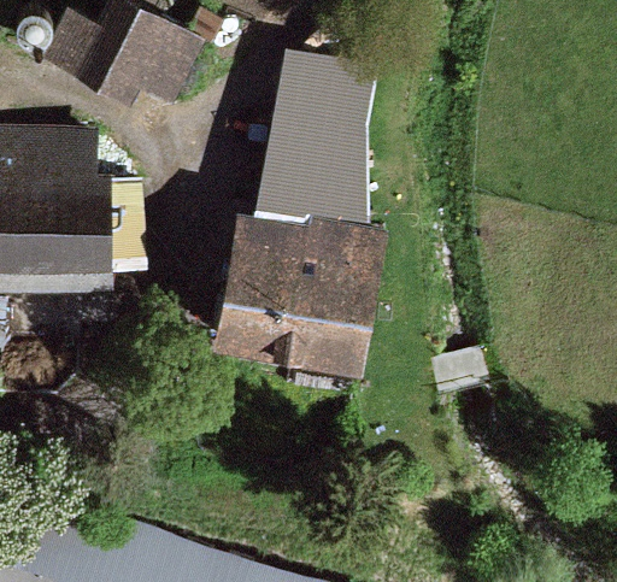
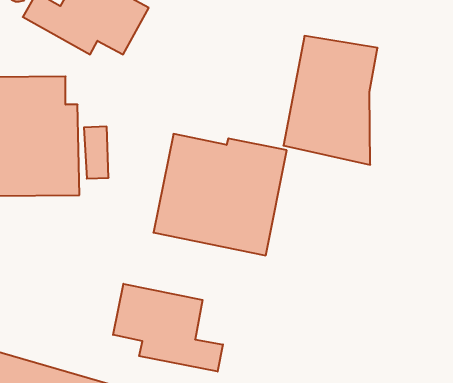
building: [254,55,378,225] -> [283,36,378,165]
building: none -> [113,284,223,372]

